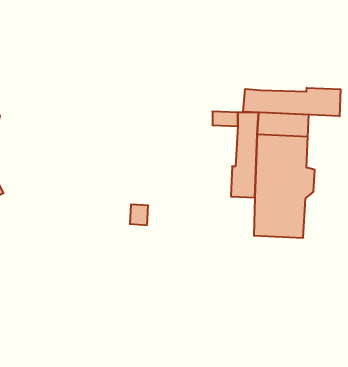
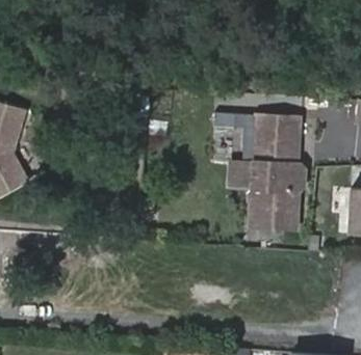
building: [243,88,341,116] -> none

